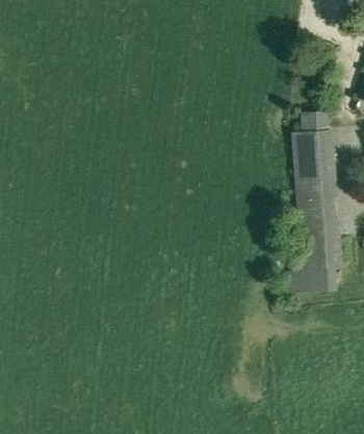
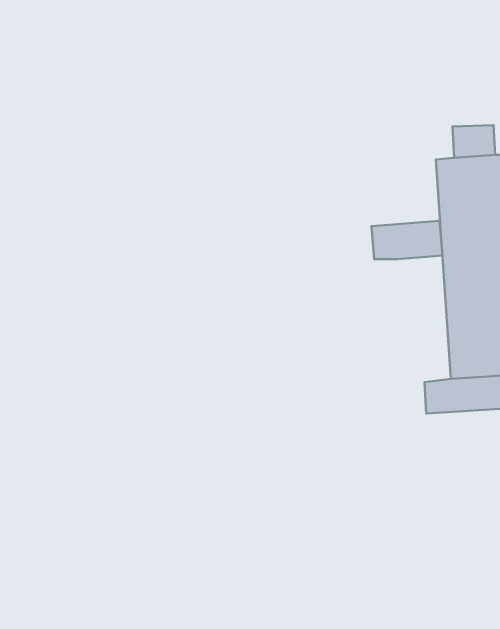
building: none -> [371,221,442,259]

